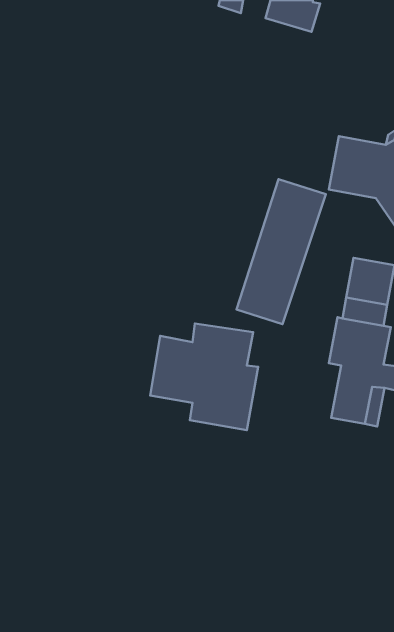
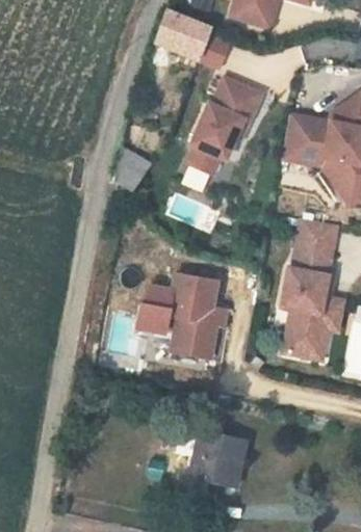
building: none -> [154,9,213,59]
building: none -> [114,148,150,192]
building: [237,179,326,324] -> [179,73,254,194]
building: none -> [195,432,244,486]

